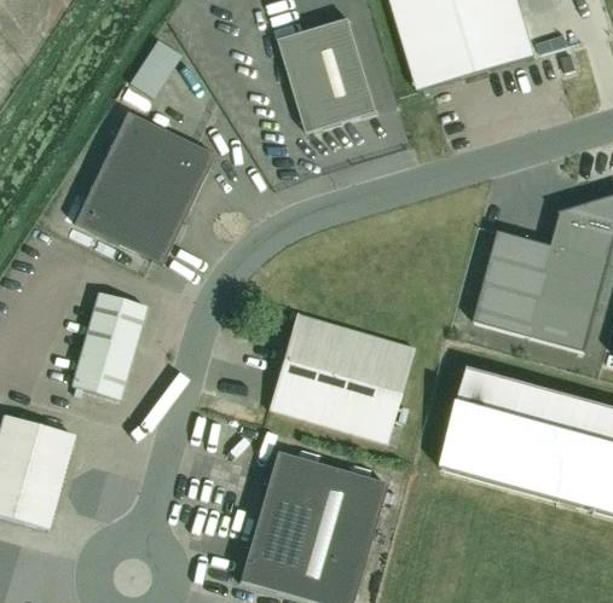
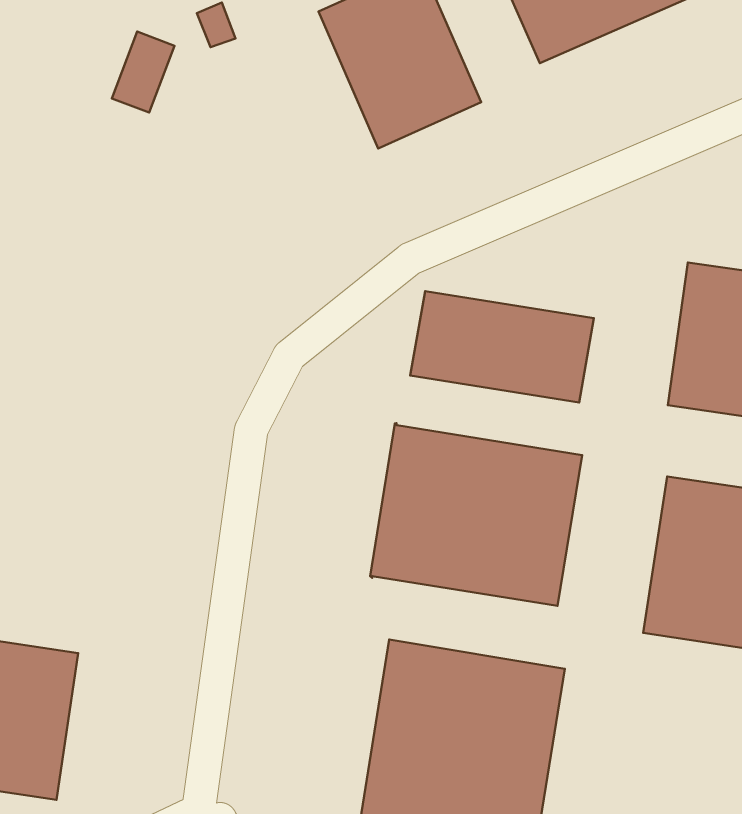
building: [74,112,208,263] -> none
building: none -> [410,291,594,403]
building: [71,291,145,399] -> none

